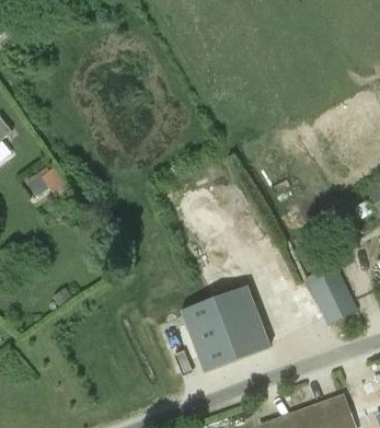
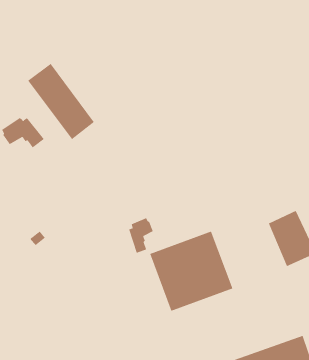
building: none -> [27,63,95,140]
building: none -> [128,217,154,254]

